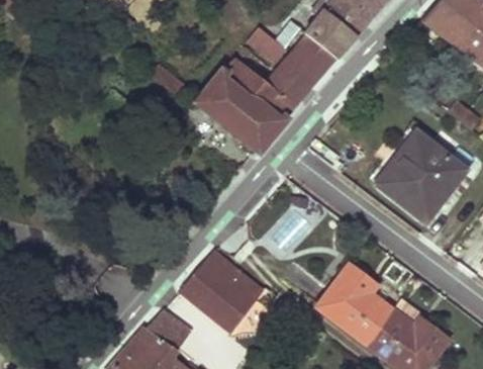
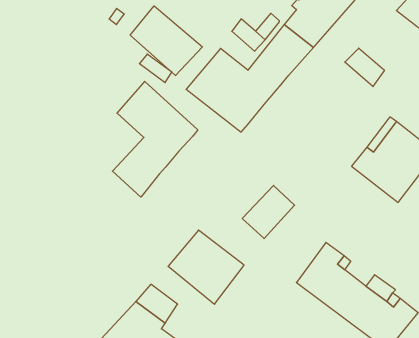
building: none -> [130,6,202,76]
building: none -> [345,48,384,87]
building: none -> [112,81,198,197]

